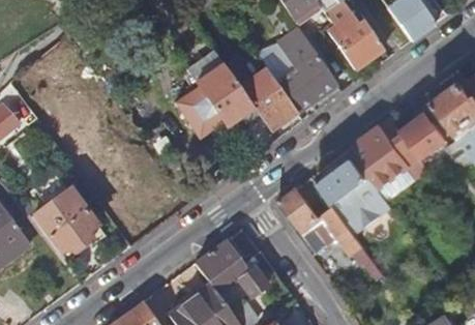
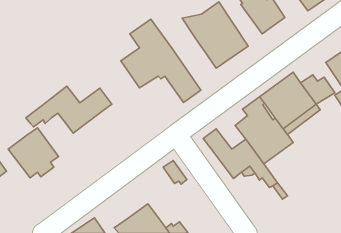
building: [240,68,292,130] -> none
building: none -> [26,86,112,133]
building: [195,240,265,295] -> none

